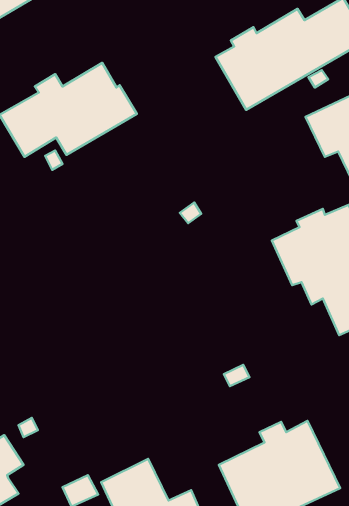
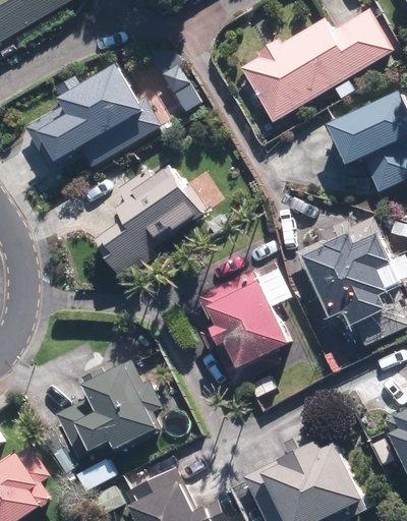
building: none -> [96,164,204,278]
building: none -> [195,268,289,387]
building: none -> [57,361,162,457]

